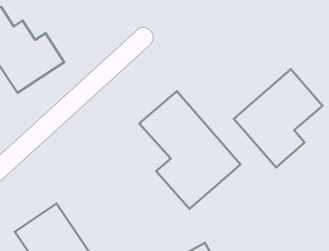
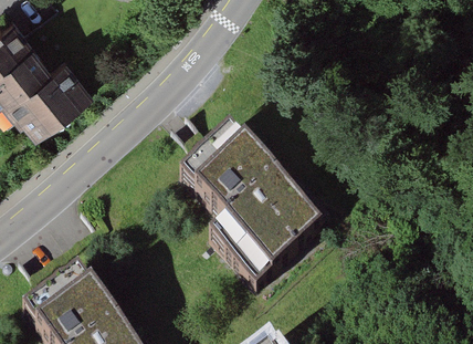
building: [234,69,323,168] -> none

